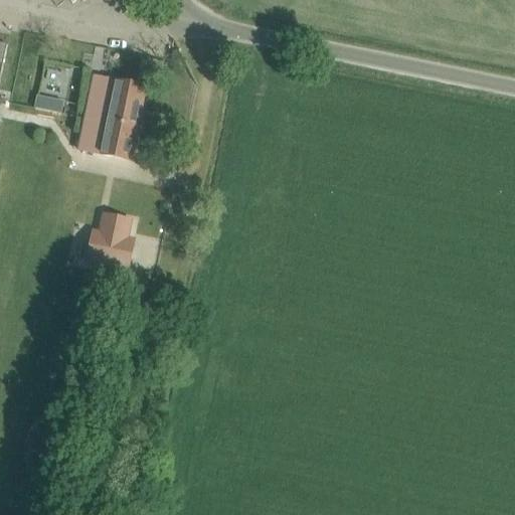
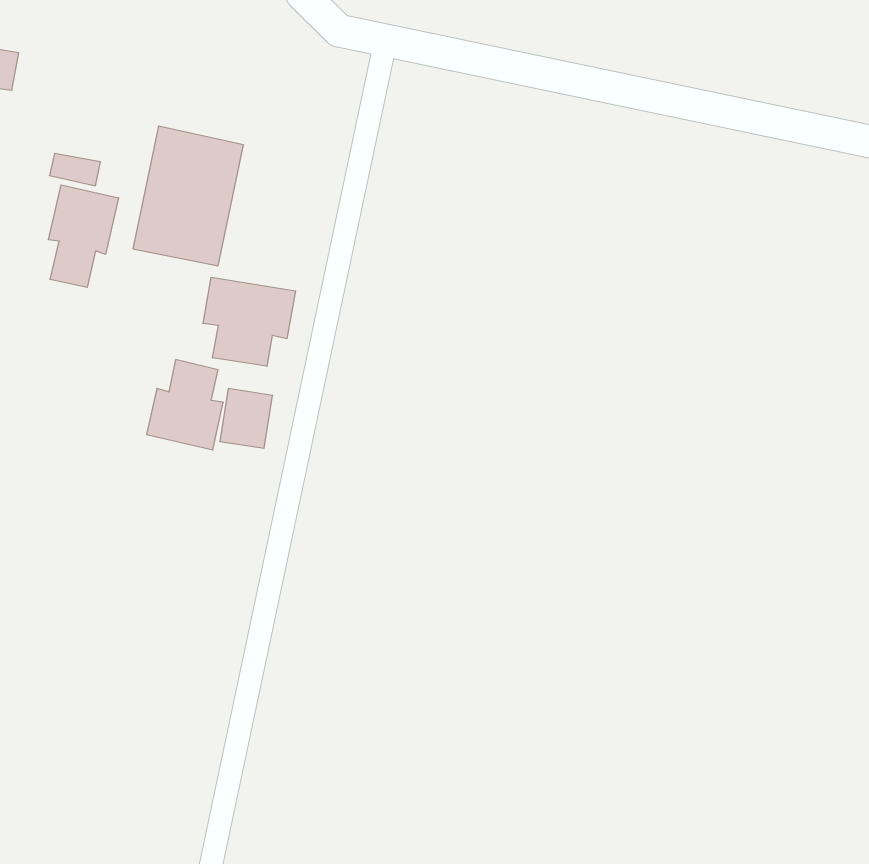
building: none -> [49,185,119,287]
building: none -> [203,277,296,366]

